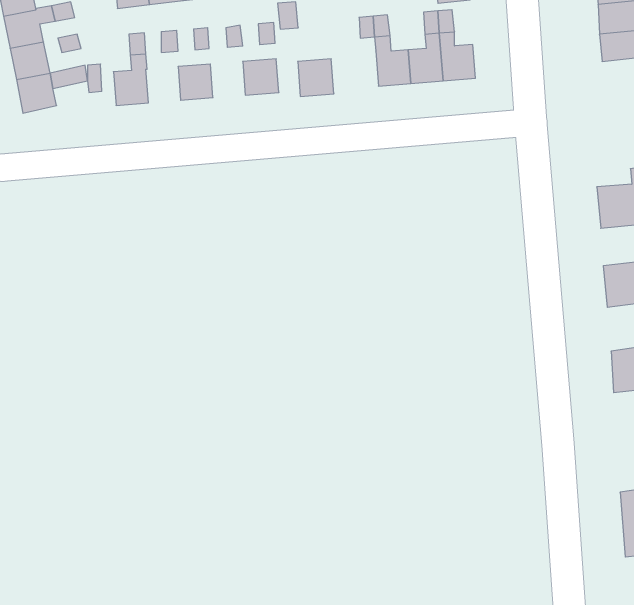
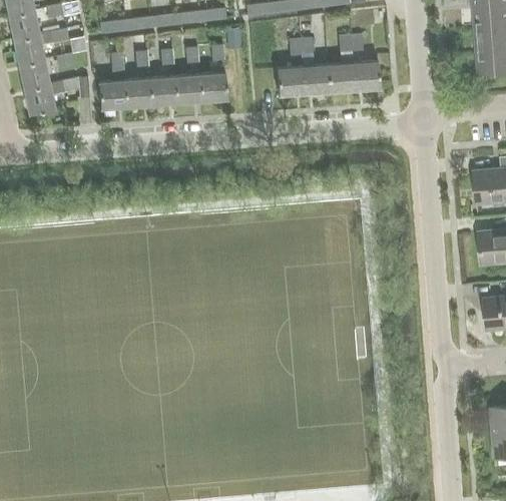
building: [298,59,334,96] -> [277,66,305,95]
building: none -> [174,74,201,102]
building: none -> [124,78,151,106]

